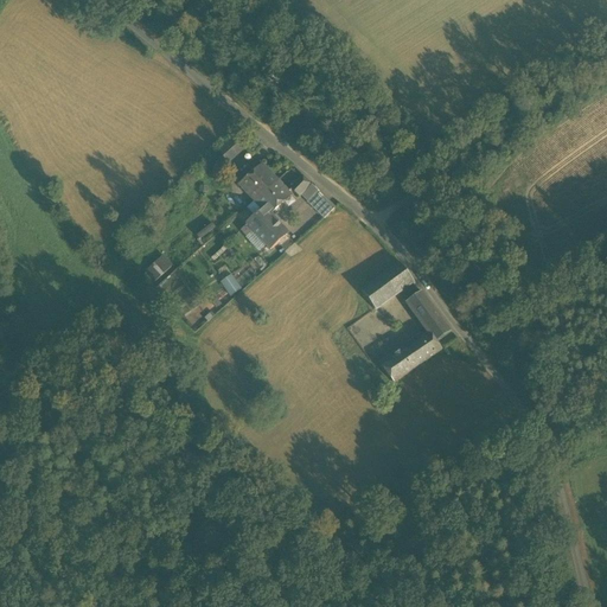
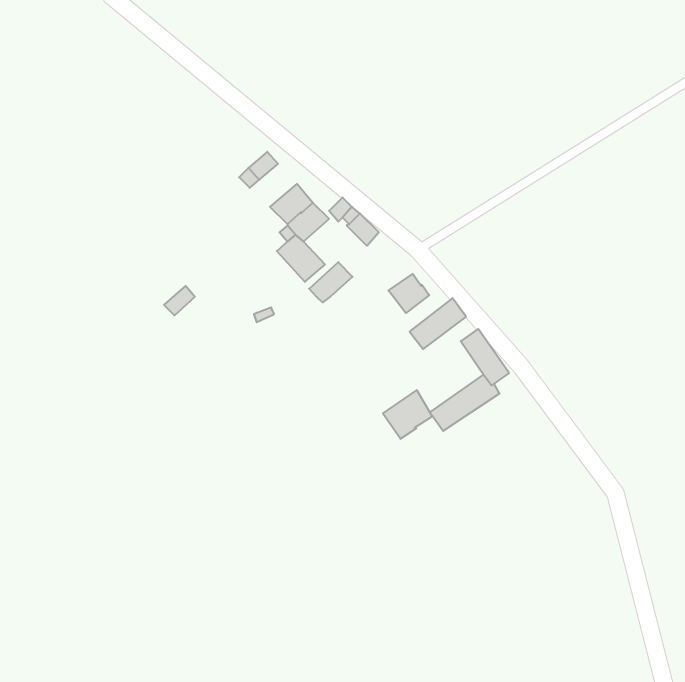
building: none -> [309,262,353,302]
building: none -> [388,274,429,313]
building: none -> [383,390,432,439]

